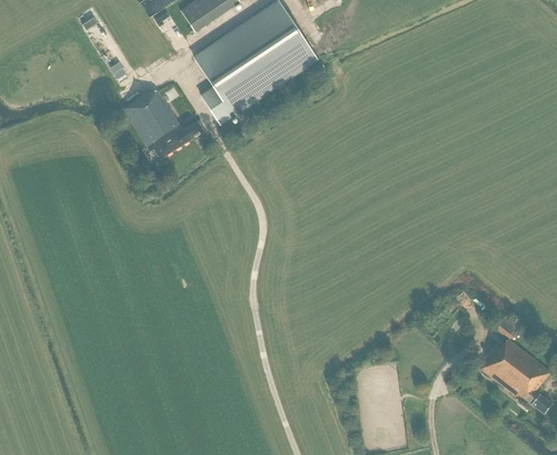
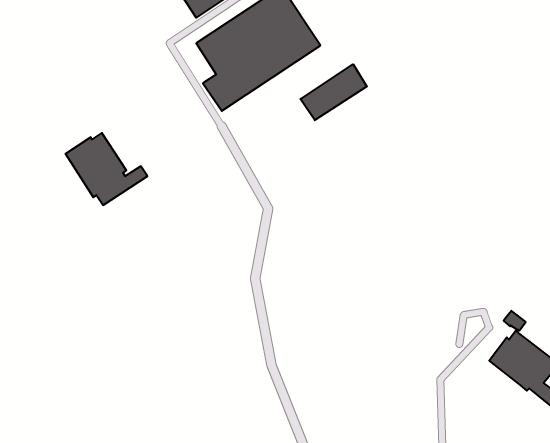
building: none -> [300,64,367,120]
building: [123,87,203,158] -> [65,133,147,205]

